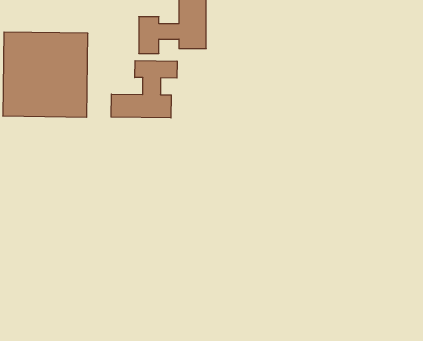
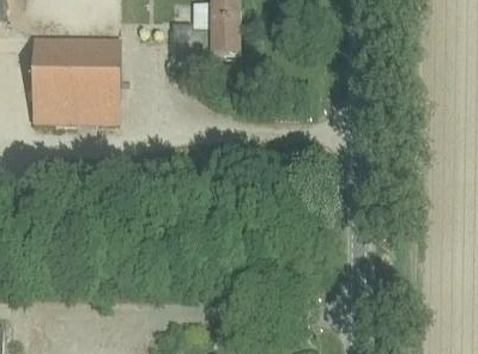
building: [111,61,177,118] -> none

